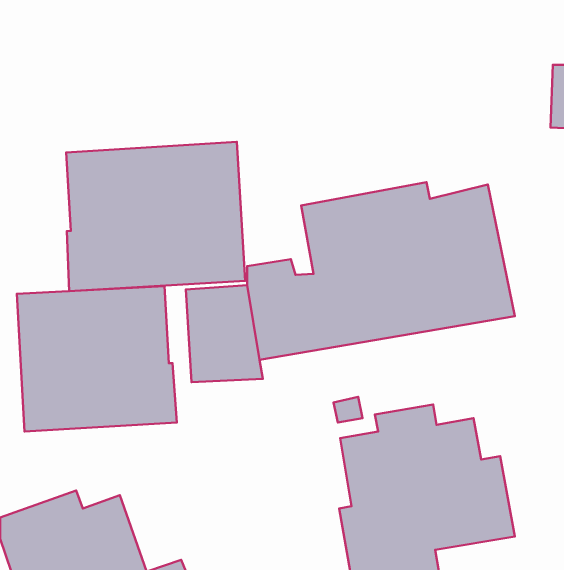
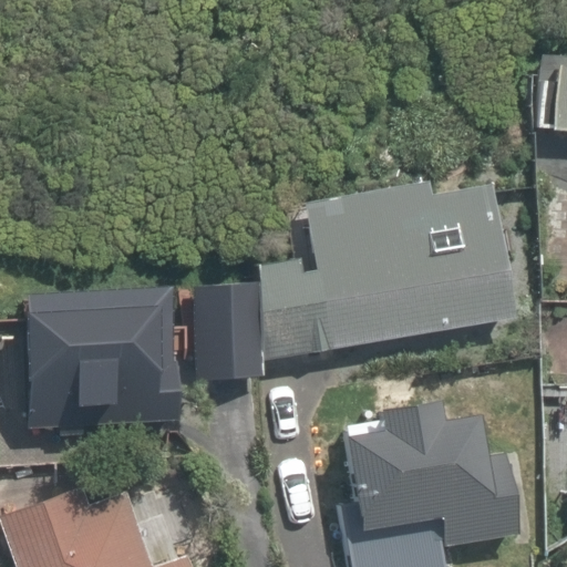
building: [66,142,245,291] -> none

